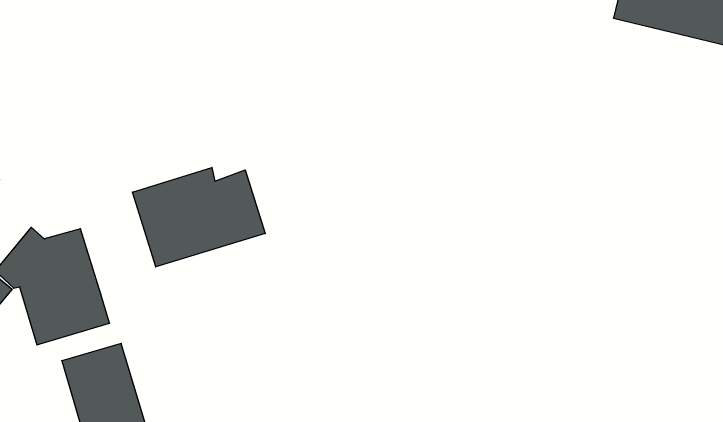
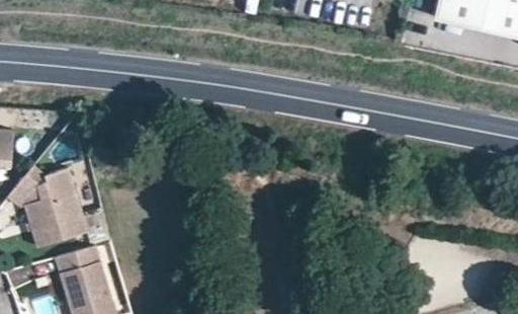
building: [132,167,265,267] -> none

